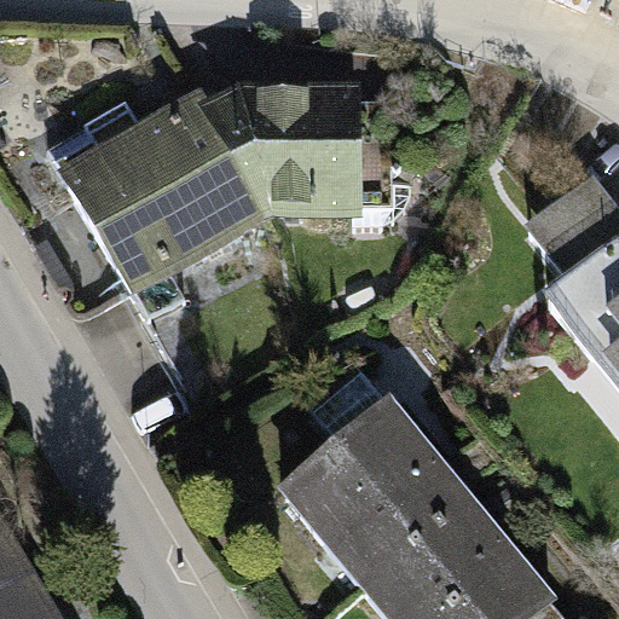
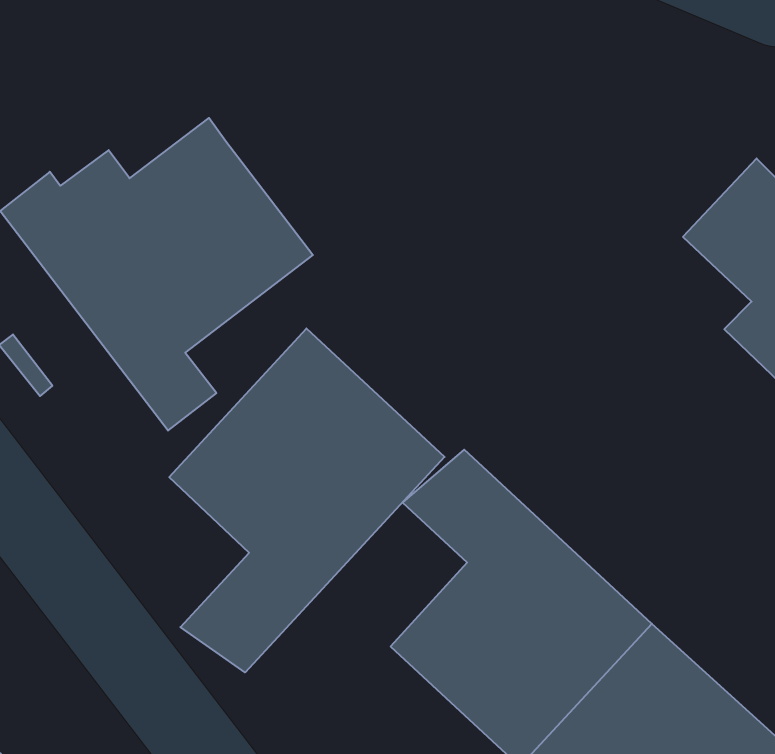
building: [218,91,421,228] -> none
building: none -> [169,328,445,672]

